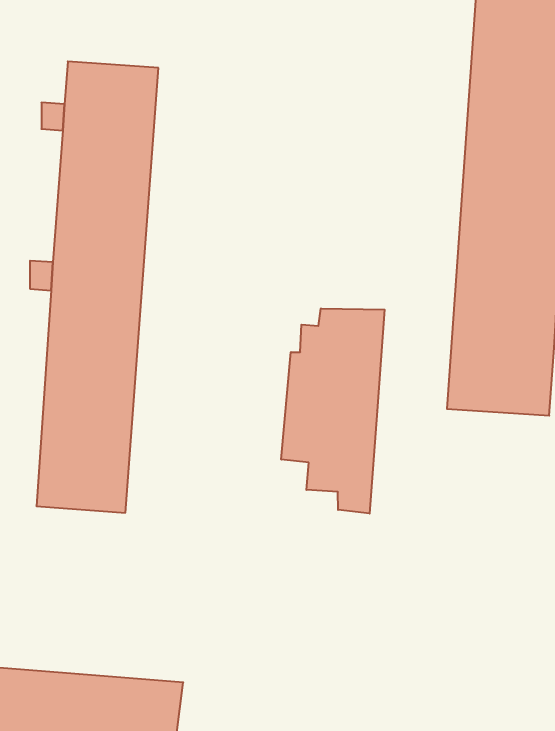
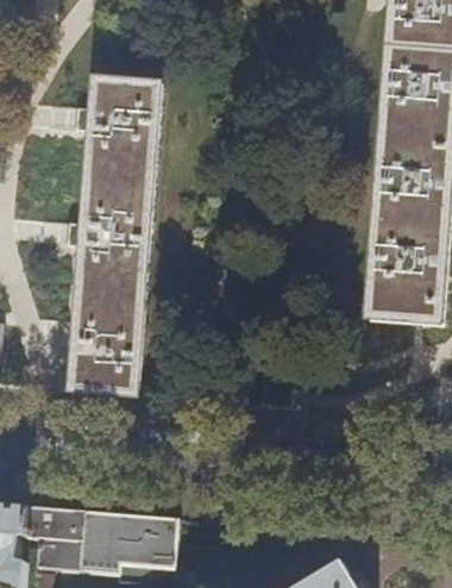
building: [281,308,385,514] -> none

